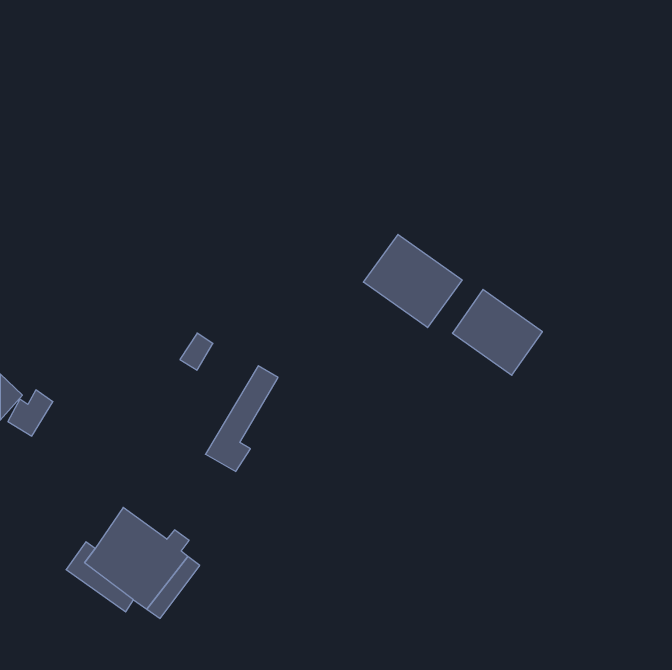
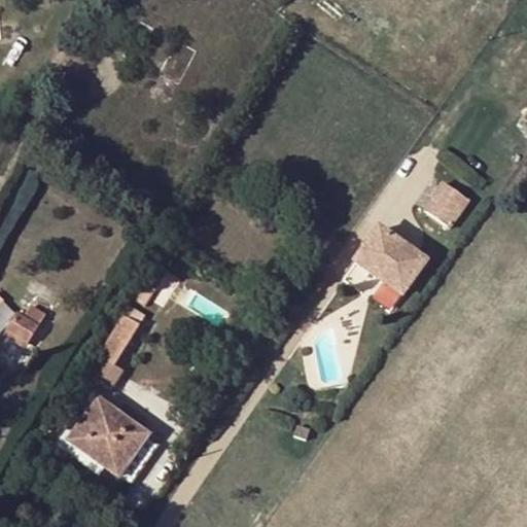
building: none -> [424,179,468,224]
building: [363,234,462,328] -> none
building: [205,366,278,471] -> [90,304,146,386]

